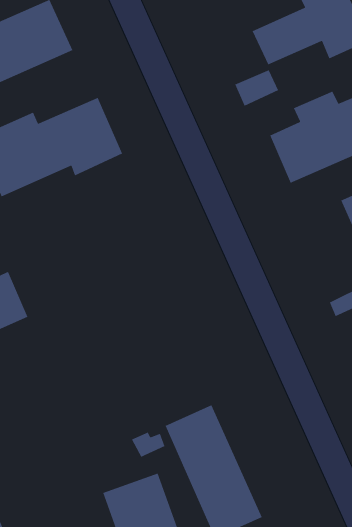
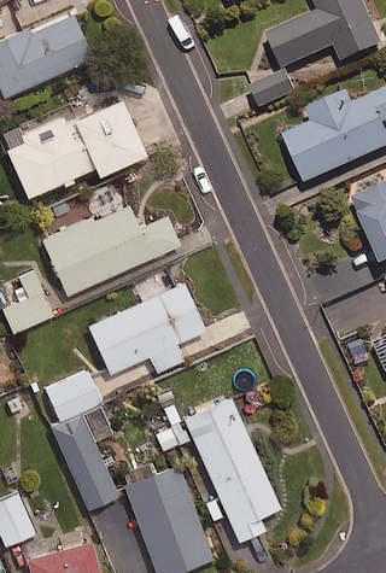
building: none -> [41,205,179,294]
building: none -> [87,282,204,373]
building: none -> [43,368,117,509]

